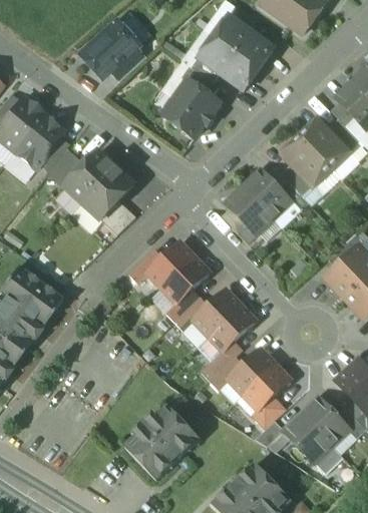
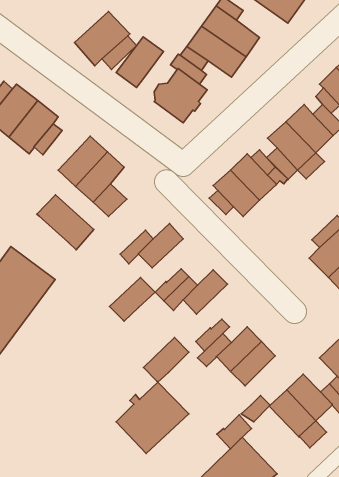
building: none -> [116,37,163,87]
building: [50,150,84,186] -> none
building: none -> [37,195,94,250]
building: [162,258,210,303] -> [110,278,155,321]
building: [209,305,256,351] -> [143,338,189,382]
building: [251,395,287,430] -> [217,415,252,449]

